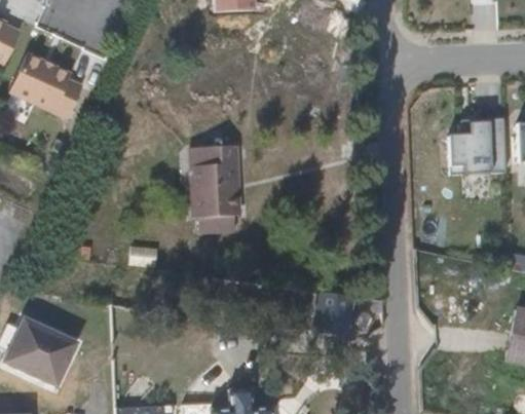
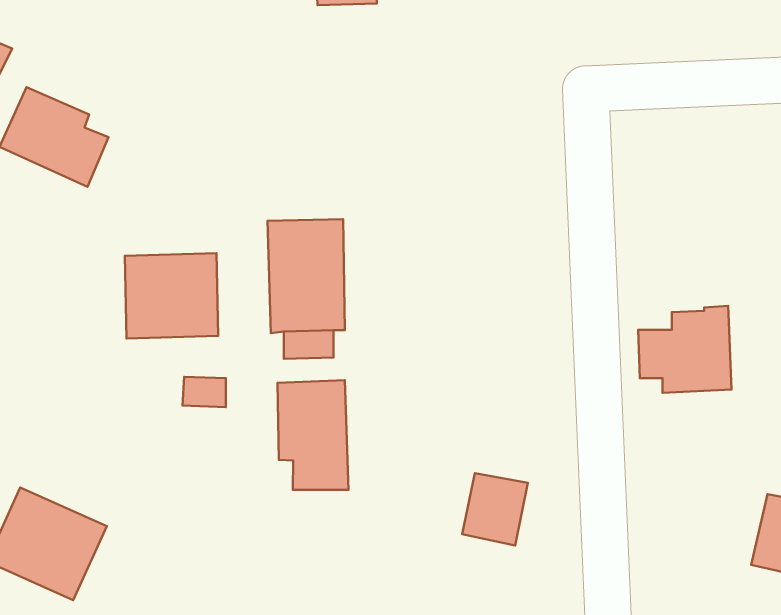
building: [446,115,505,171] -> [638,306,731,393]
building: none -> [125,253,218,339]
building: none -> [277,380,349,490]

